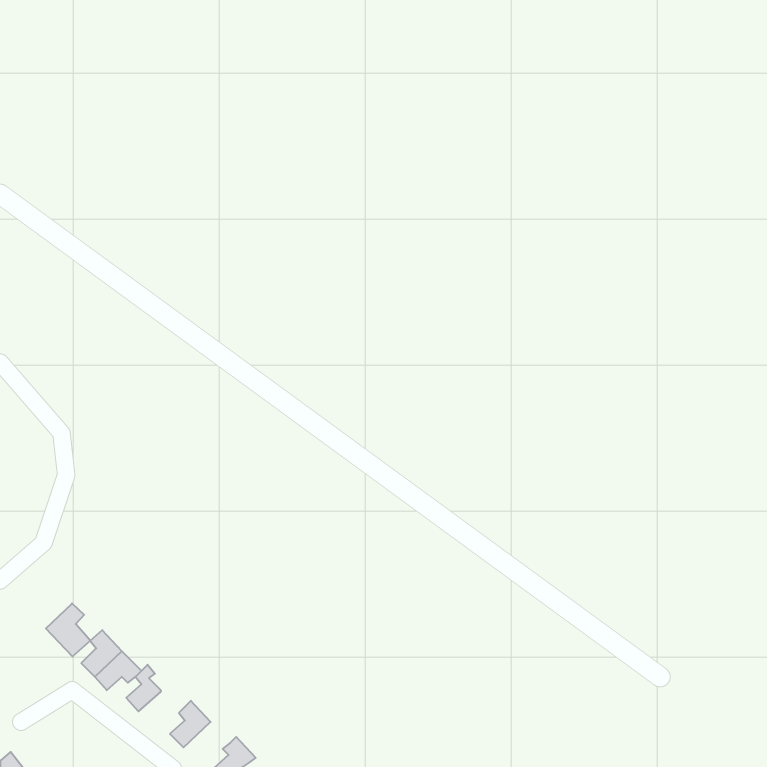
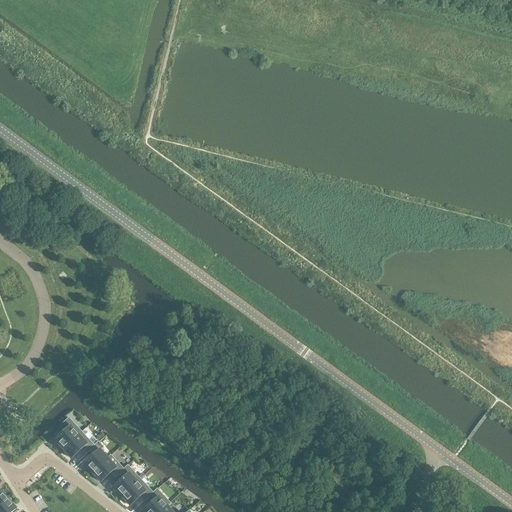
building: [46,603,90,657] -> none
building: none -> [93,457,124,484]
building: none -> [123,481,154,507]

